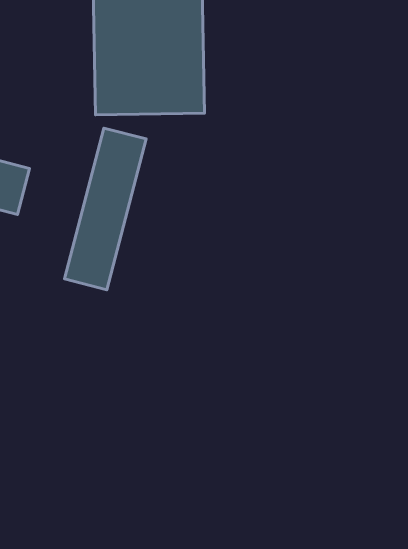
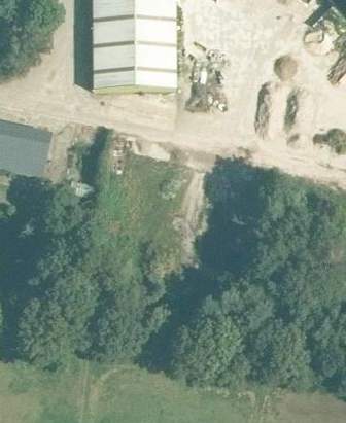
building: [65,128,146,290] -> none

